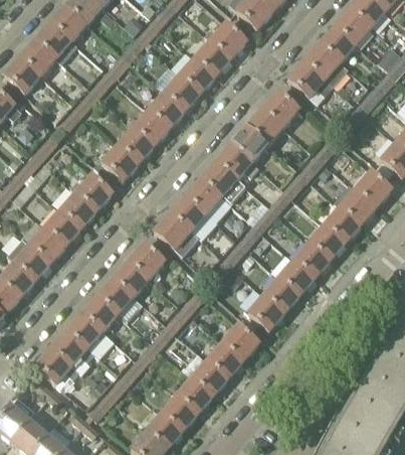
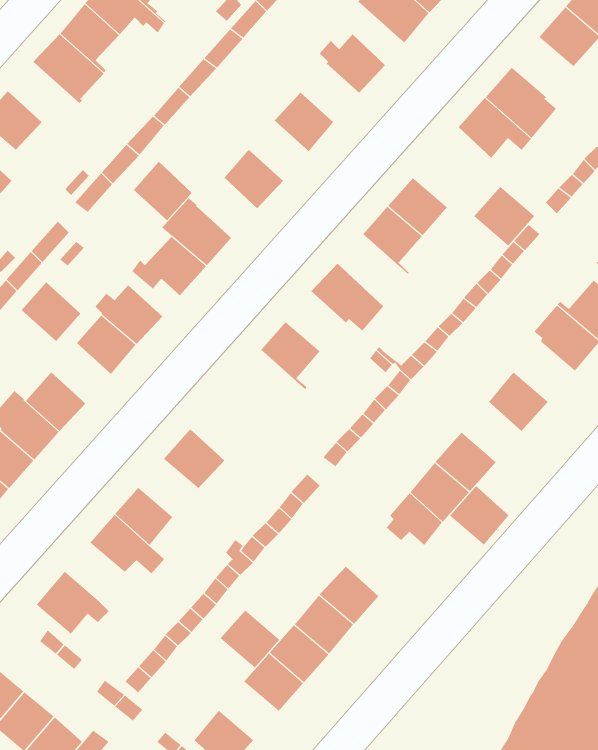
building: [322,24,359,60] -> none
building: [19,39,62,75] -> none
building: [195,40,230,75] -> none
building: [162,74,200,111] -> none
building: [262,91,299,127] -> [473,186,535,246]
building: [133,109,169,145] -> [132,161,192,221]
building: [217,143,259,186] -> none
building: [186,177,222,213] -> none
building: [323,207,360,244] -> none
building: [45,208,81,245] -> [21,282,81,342]
building: [155,212,198,255] -> none
building: [129,242,165,279] -> none
building: [291,244,328,280] -> [449,485,509,546]
building: [97,278,134,313] -> none
building: [222,324,258,360] -> none
building: [53,328,95,363] -> none
building: [146,412,182,447] -> [220,610,280,668]

